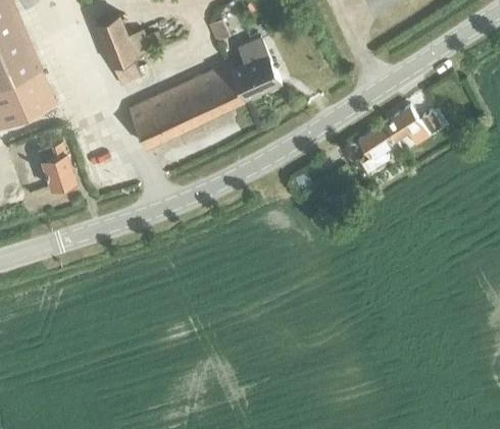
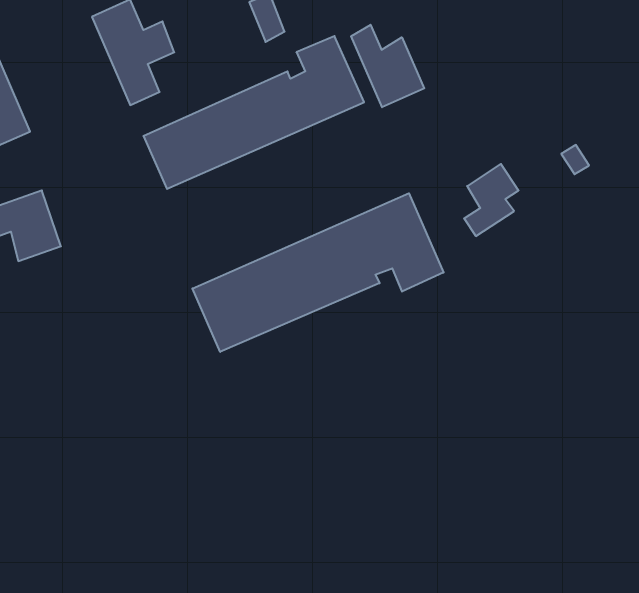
building: none -> [351,25,424,107]
building: [380,110,427,146] -> none
building: none -> [192,193,444,352]

